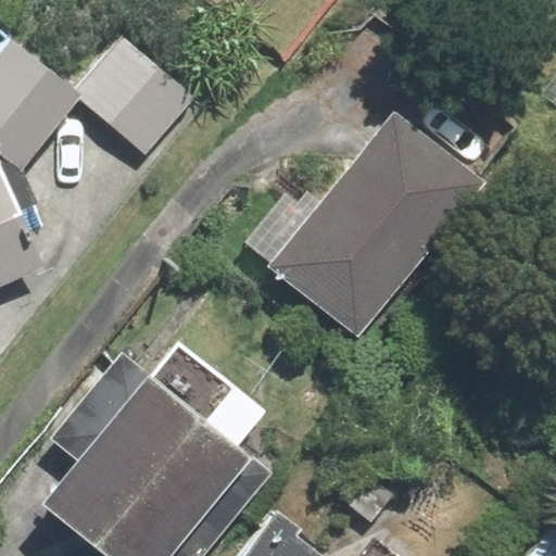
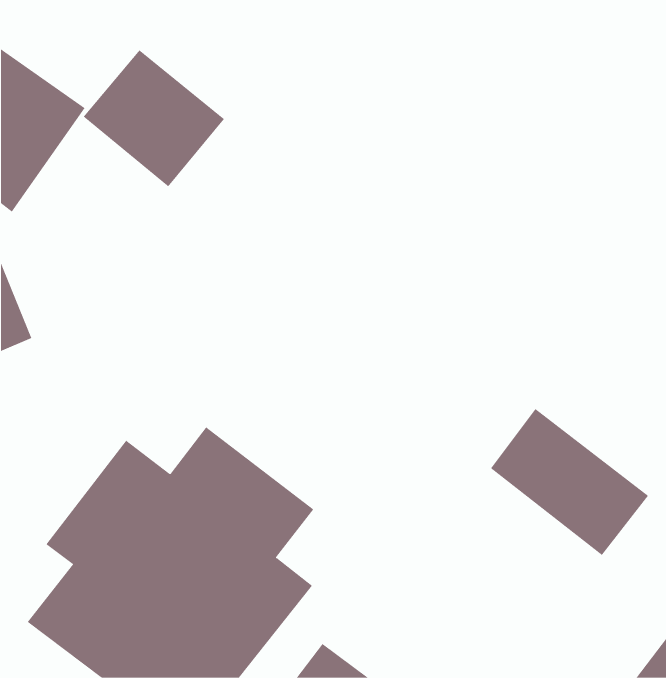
building: [247,123,470,337] -> none
building: none -> [490,408,649,556]

